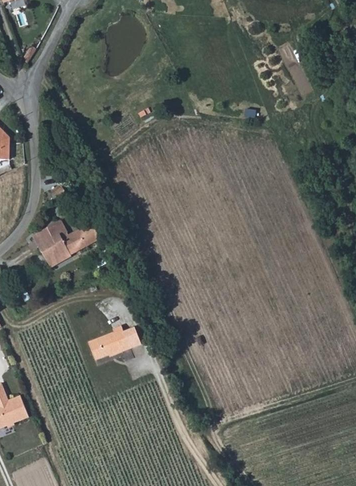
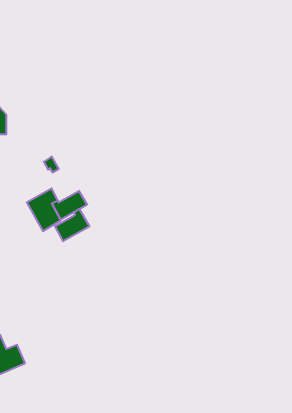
building: none -> [55,209,89,241]
building: [88,325,129,361] -> none

